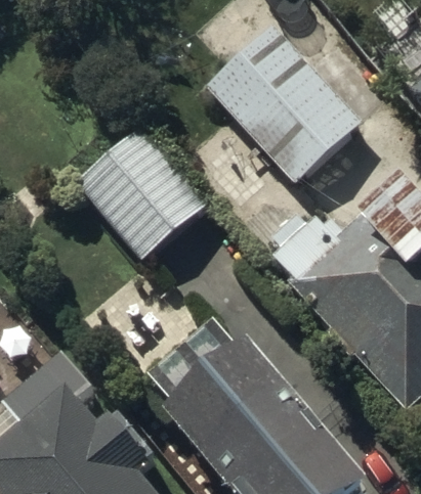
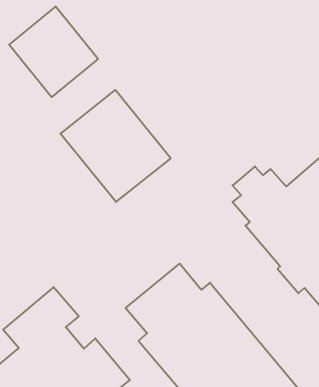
building: [205,24,360,180] -> none
building: none -> [9,6,98,97]

